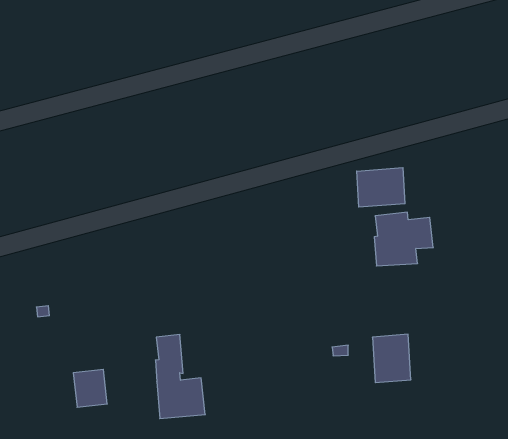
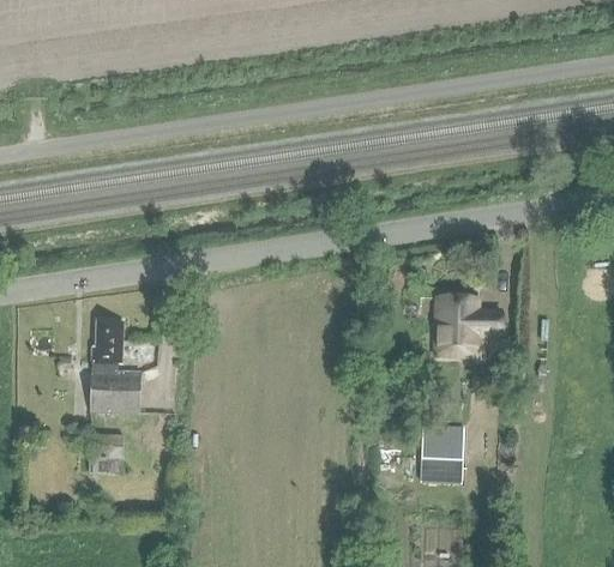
building: [357,168,405,207] -> none
building: [155,335,205,419] -> [89,319,139,410]

